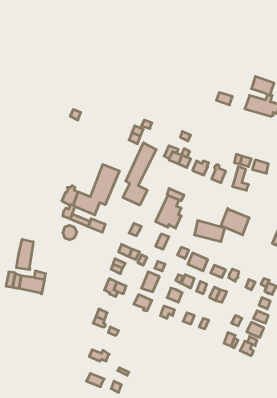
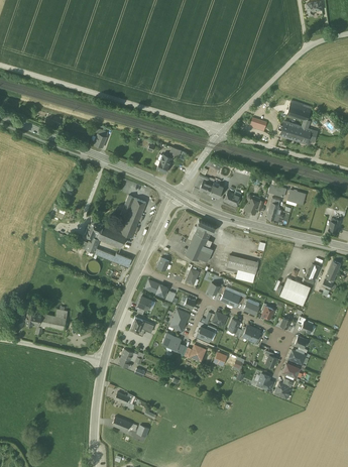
building: [123,143,156,205] -> none
building: [221,208,249,235] -> [279,276,310,305]
building: [16,239,33,270] -> none

